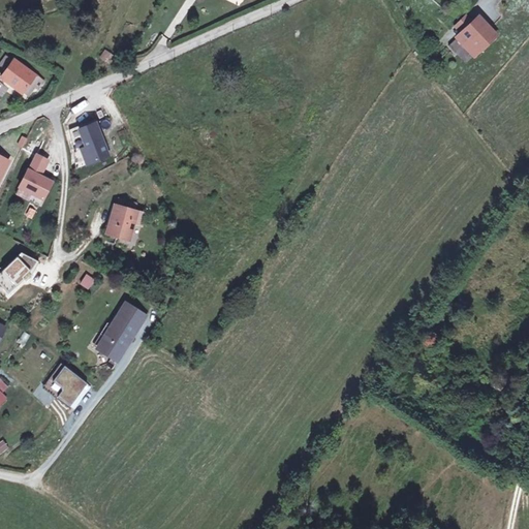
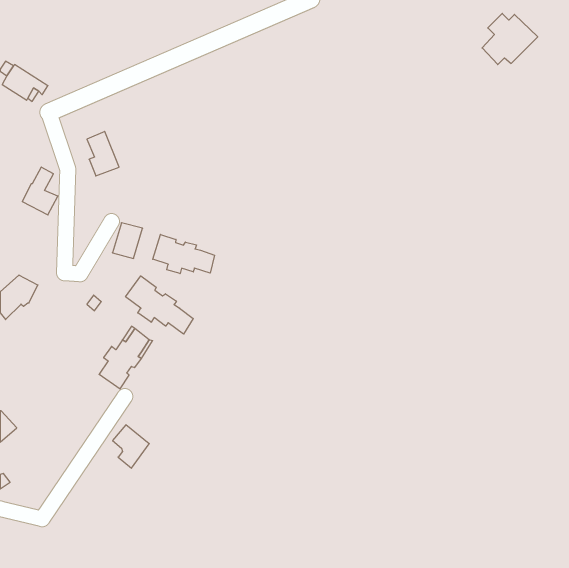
building: none -> [153,234,215,274]
building: none -> [126,276,193,334]
building: [52,365,86,405] -> [113,425,149,468]

